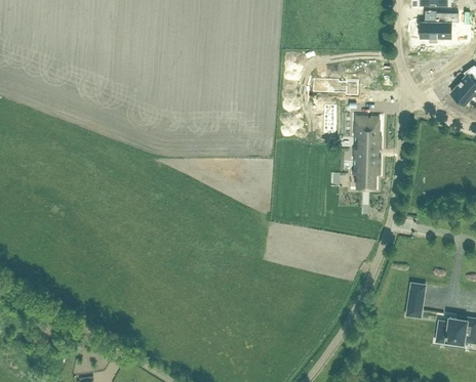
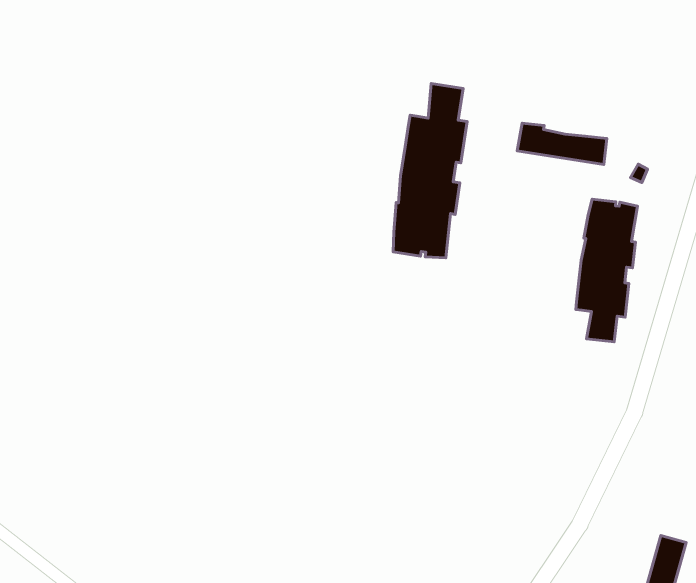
building: none -> [393,84,467,258]

